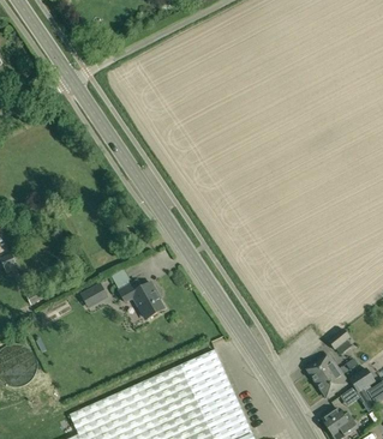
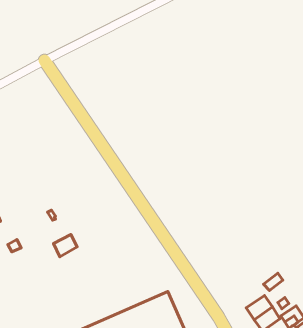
building: [112,270,164,319] -> none

